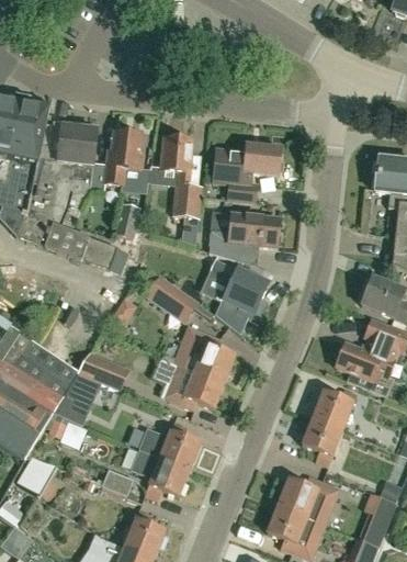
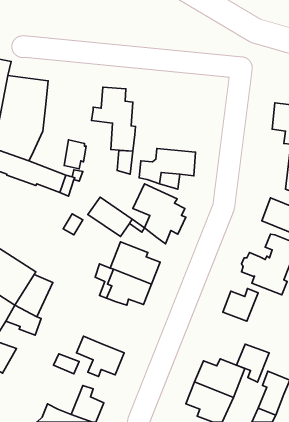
building: [89,132,151,192] -> none
building: [212,145,281,201] -> none
building: [78,351,129,389] -> none
building: [302,418,342,465] -> [236,344,269,382]
building: [139,422,201,469] -> none

